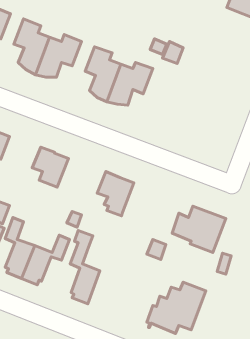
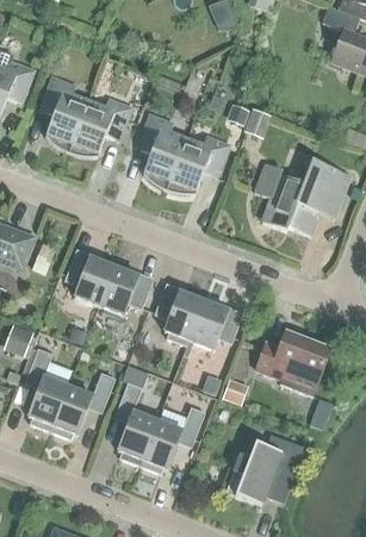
building: none -> [253,160,351,233]
building: none -> [99,266,153,314]
building: none -> [188,299,243,348]
building: none -> [141,405,205,472]

